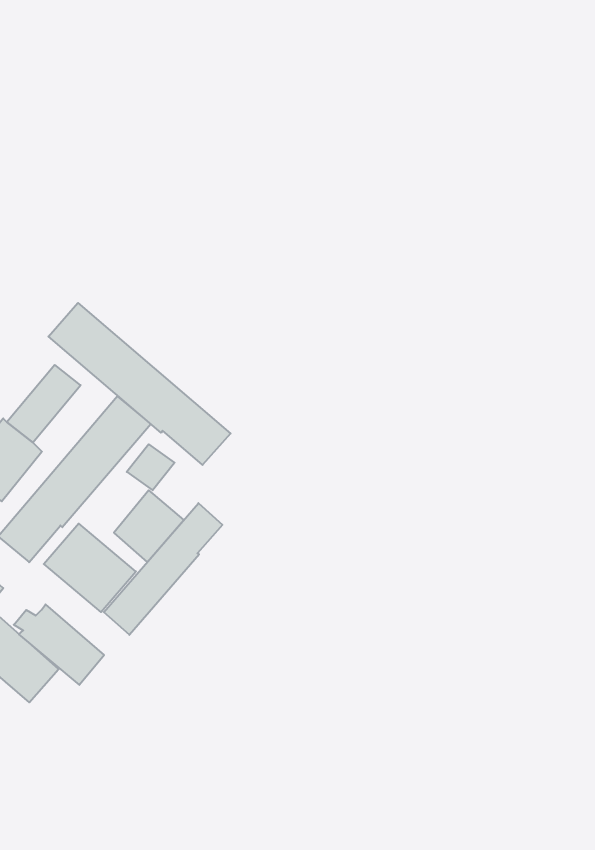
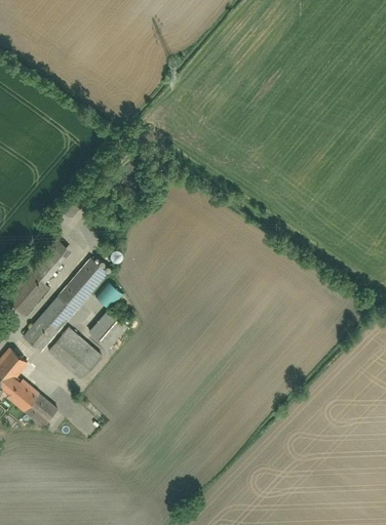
building: [48,303,231,465] -> none
building: [104,503,222,635] -> none
building: [14,604,104,685] -> none

